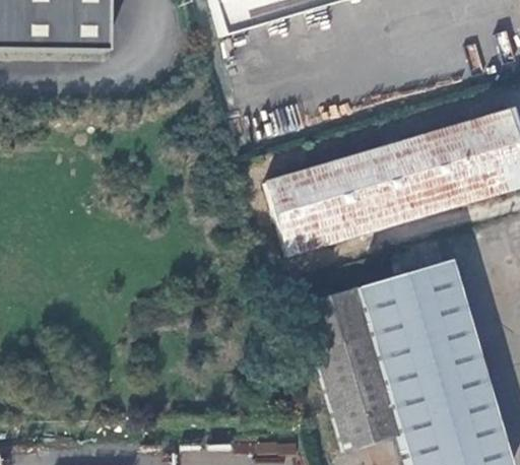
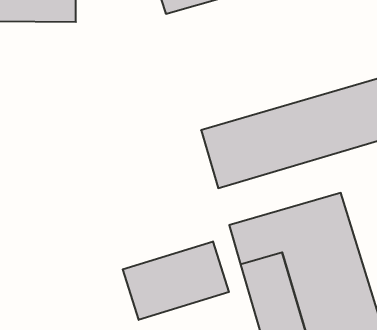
building: none -> [123,241,229,320]

